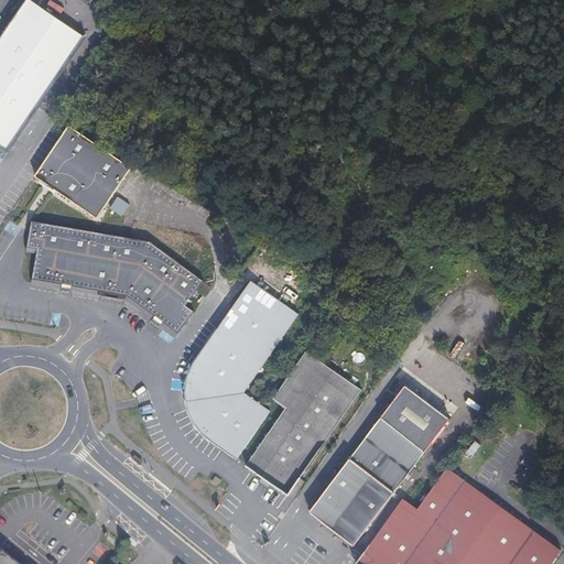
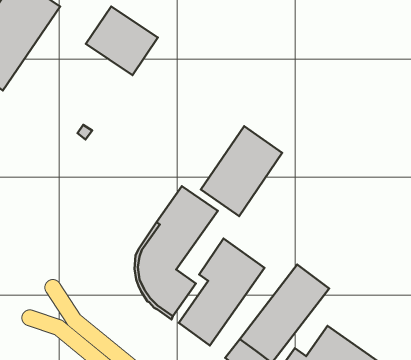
building: [33,126,130,218] -> [86,6,158,75]
building: none -> [201,126,282,216]
building: [26,221,200,330] -> none

